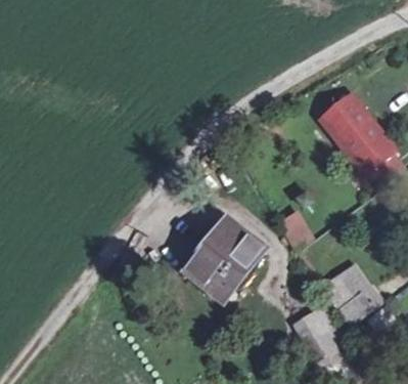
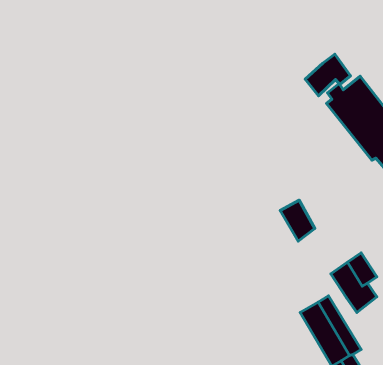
building: none -> [305,54,351,96]
building: [189,221,263,299] -> none

